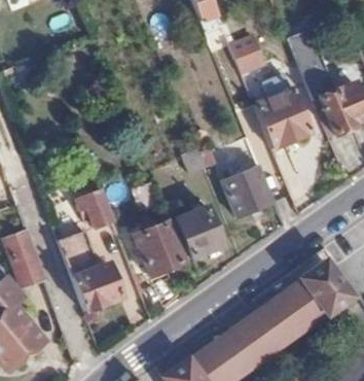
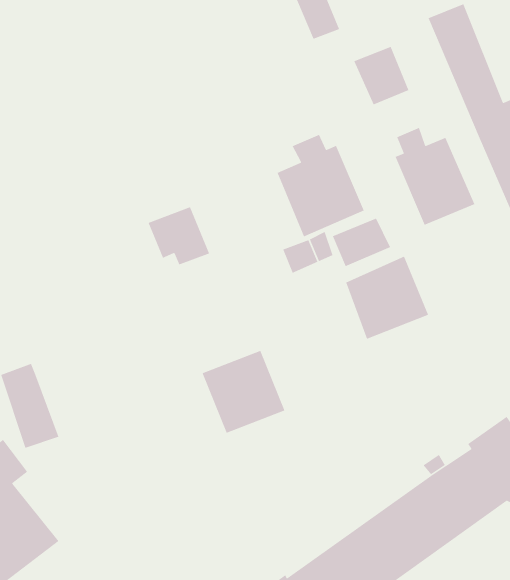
building: none -> [276,134,365,238]
building: [74,192,113,229] -> [148,206,210,266]
building: [176,206,224,257] -> none
building: [58,231,121,312] -> none

